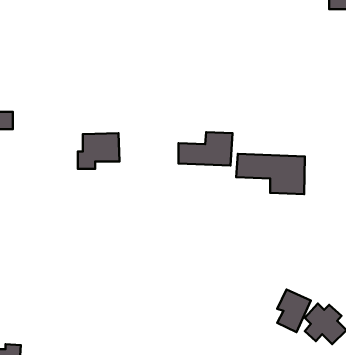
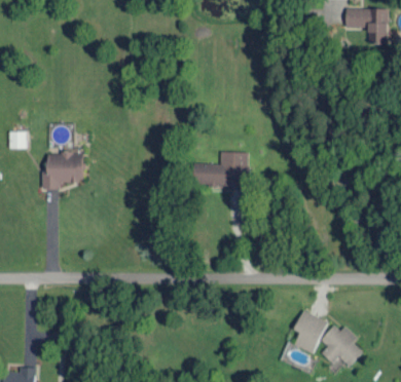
building: [78,133,119,169] -> [41,153,83,189]
building: [236,154,305,194] -> none

